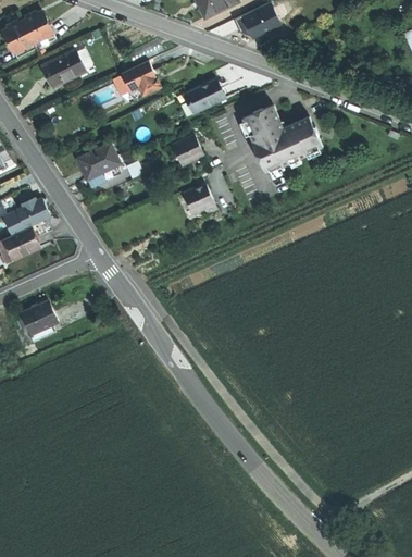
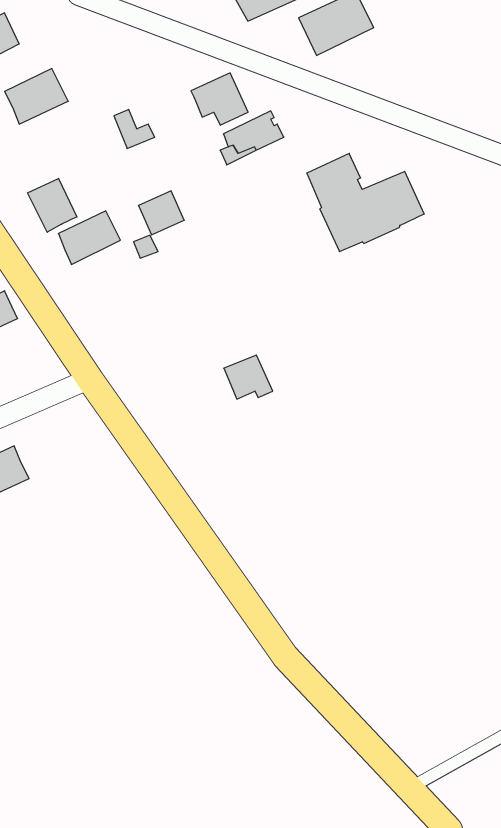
building: [122,61,160,96] -> [191,73,248,125]
building: none -> [28,178,77,232]
building: [172,136,202,165] -> [138,191,184,235]
building: [183,185,215,214] -> [224,355,273,399]

